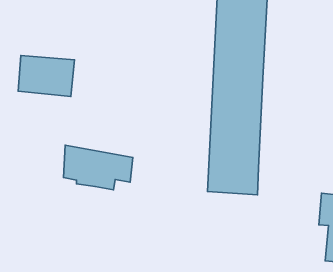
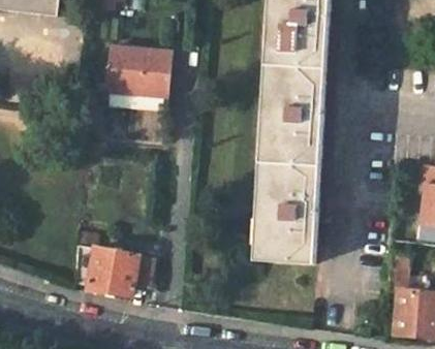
building: [18,55,74,97] -> [104,49,170,97]
building: [63,145,133,190] -> [71,245,153,297]

